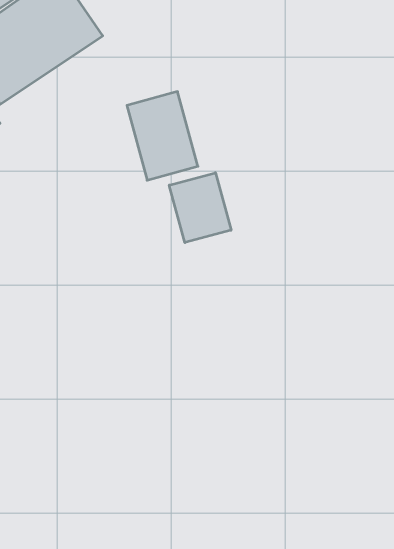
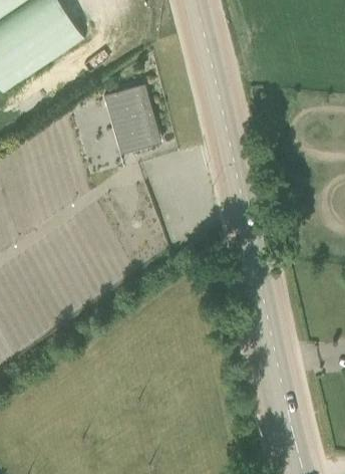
building: [169,173,231,243] -> none

